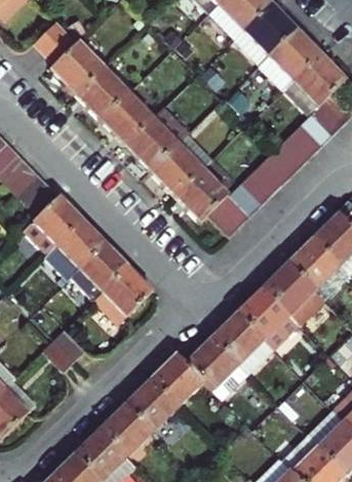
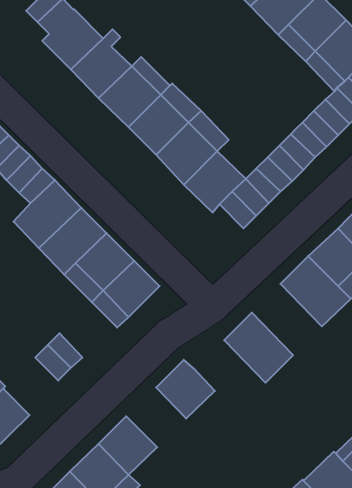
building: [235,286,298,350] -> none
building: [184,336,247,400] -> none
building: [123,378,177,432] -> none

